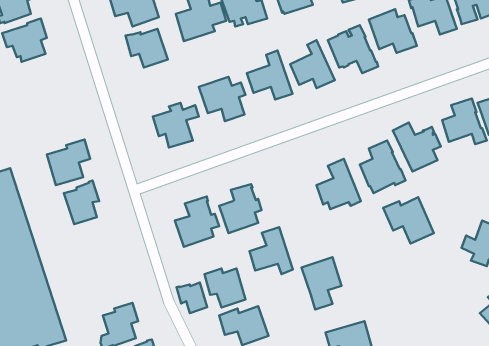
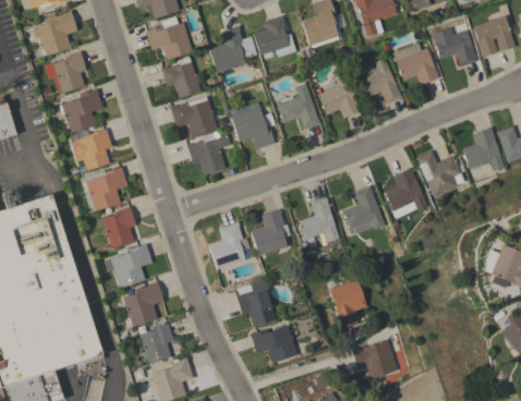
building: none -> [60,89,102,133]
building: none -> [170,96,218,136]
building: none -> [71,127,112,170]
building: [383,197,434,244] -> none
building: none -> [111,243,153,288]
building: [249,227,293,274] -> [299,197,340,242]
building: none -> [123,281,163,327]
building: [176,283,207,313] -> none

